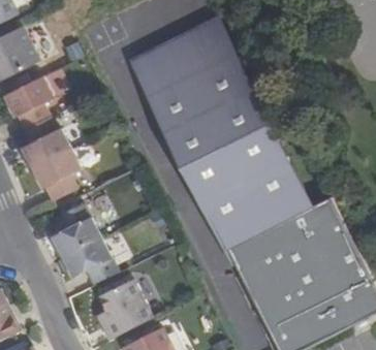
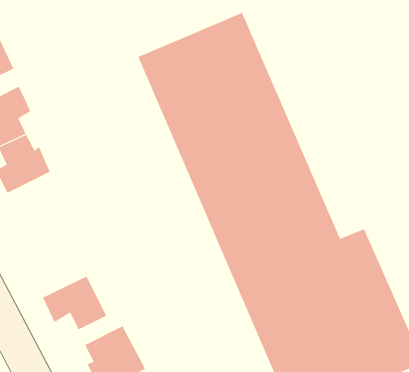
building: [31,149,80,200] -> none
building: [51,202,99,256] -> none

